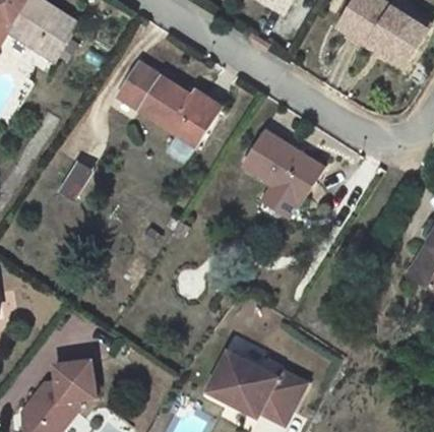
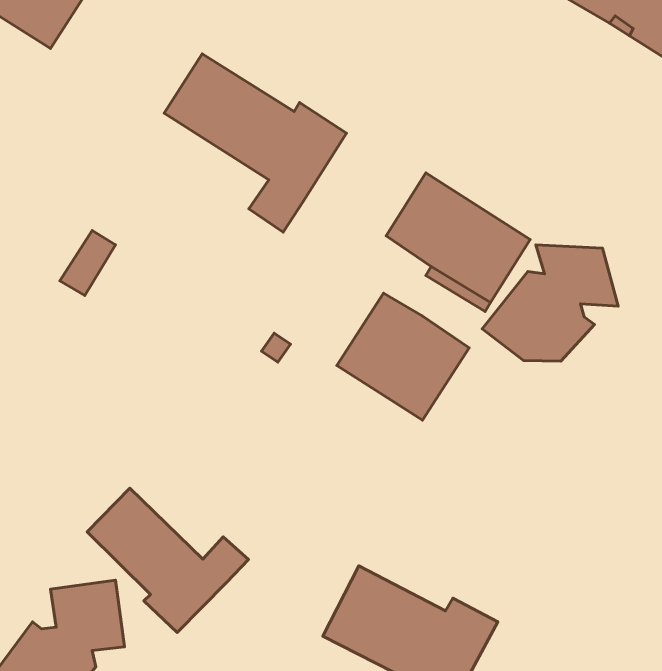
building: none -> [482,245,618,361]
building: none -> [337,293,469,420]
building: none -> [87,488,248,633]

